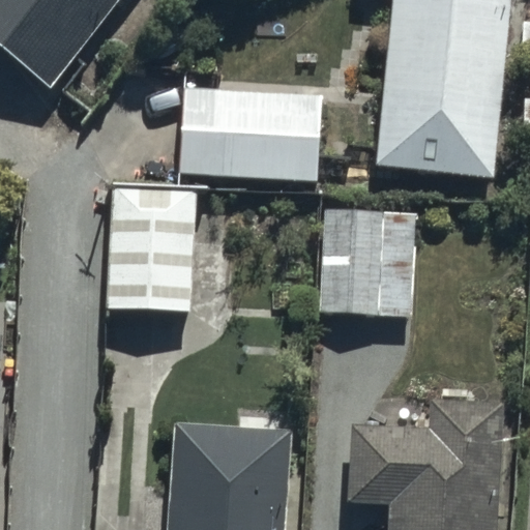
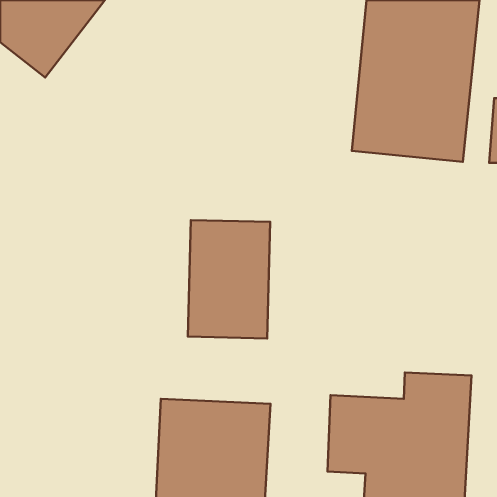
building: [180,87,323,181] -> none
building: [109,185,196,311] -> [188,220,270,339]
building: [321,209,418,315] -> none

